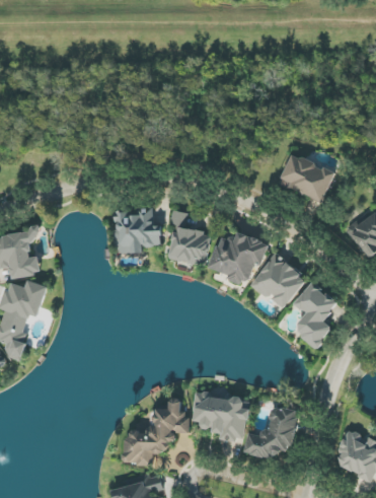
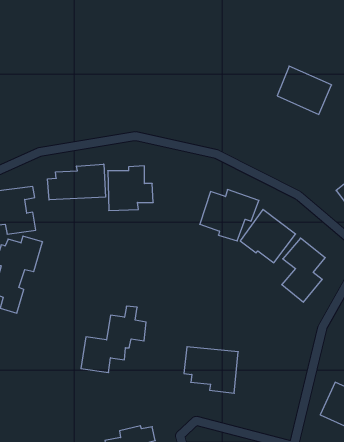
building: [279,153,334,203] -> [277,66,332,114]
building: none -> [48,164,105,200]
building: [167,210,211,266] -> none
building: [124,399,191,467] -> [81,306,146,373]
building: [244,407,297,459] -> none

